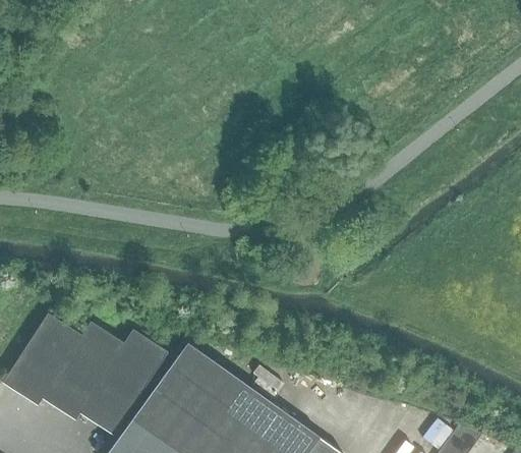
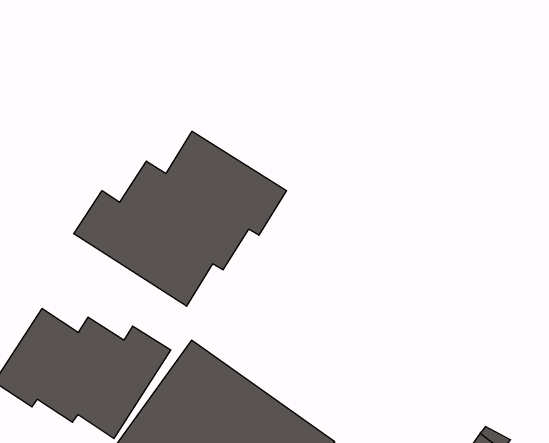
building: none -> [74,131,287,306]

